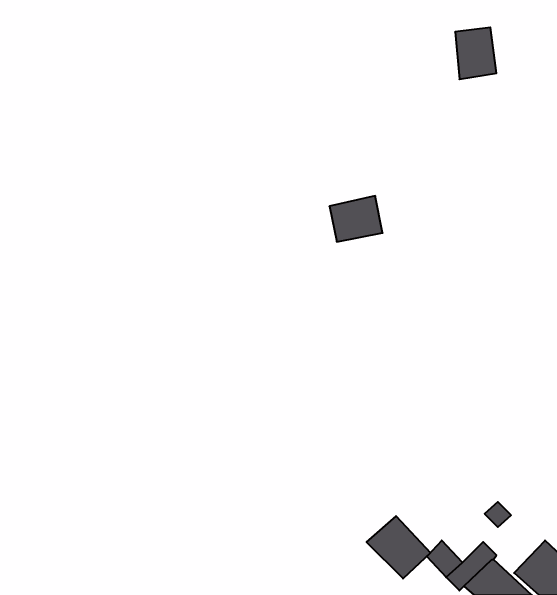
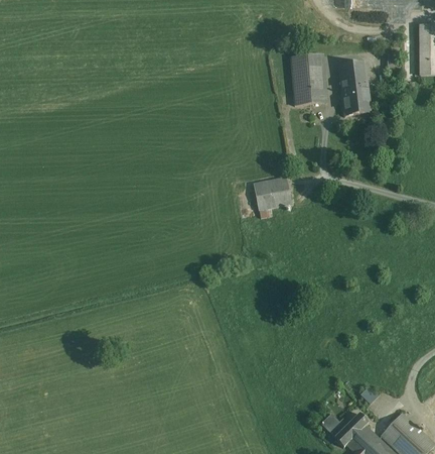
building: none -> [291,54,326,105]
building: none -> [342,94,370,114]
building: [367,516,430,579] -> none

